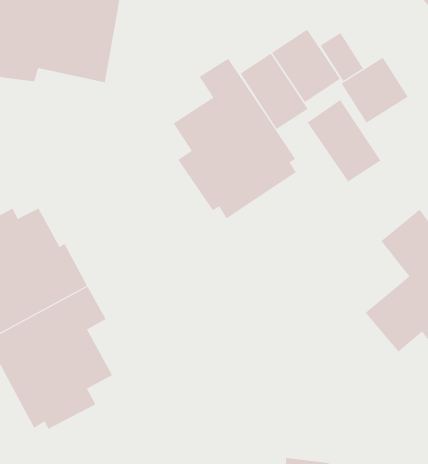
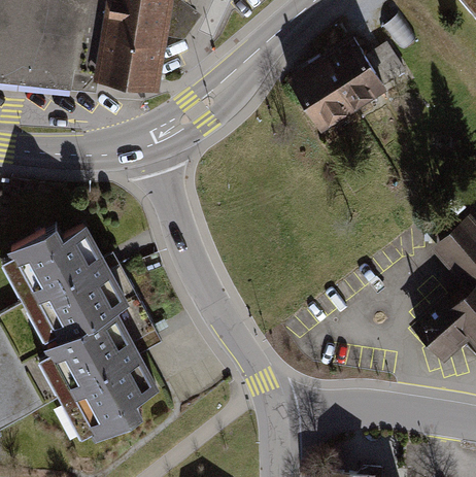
building: [341,57,409,124] -> none
building: [173,58,296,219] -> none
building: [307,99,381,183] -> none

